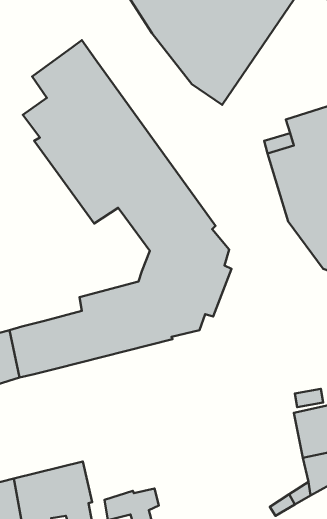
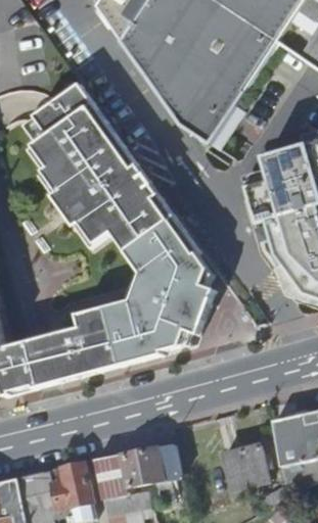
building: none -> [92,438,178,495]
building: none -> [222,442,269,487]

